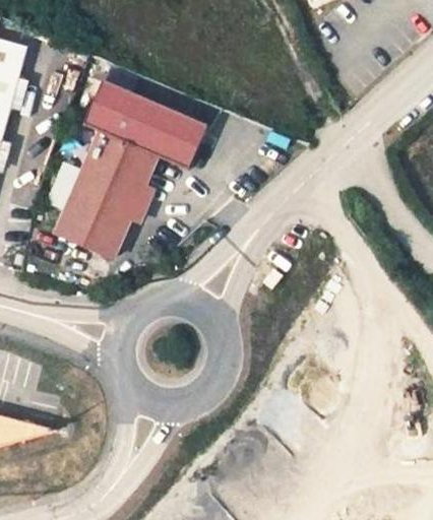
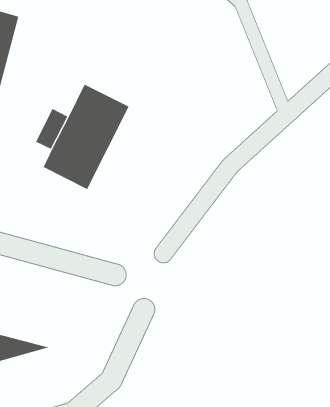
building: [89,77,210,170] -> none

